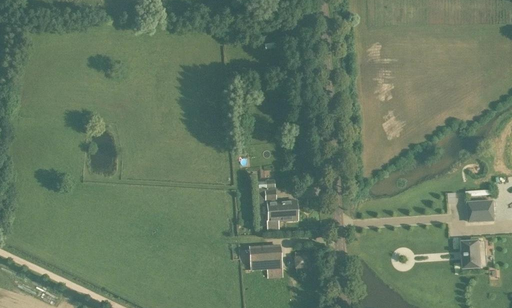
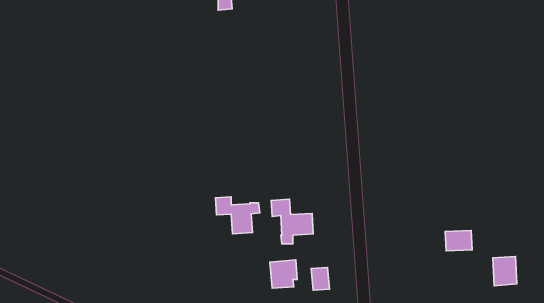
building: none -> [215,197,260,234]
building: [468,201,493,220] -> [445,230,472,251]

